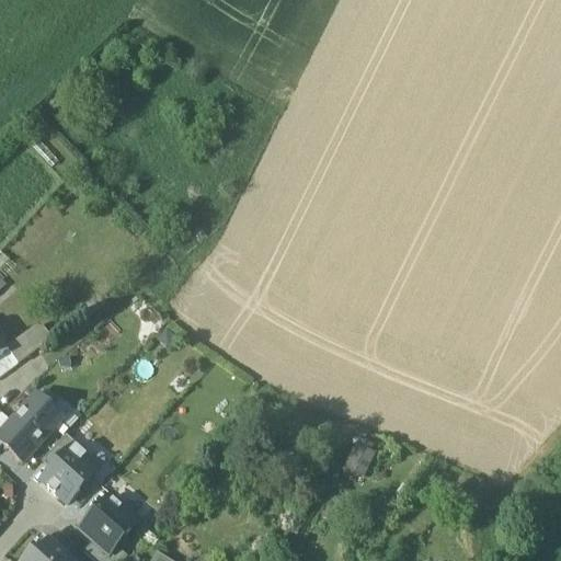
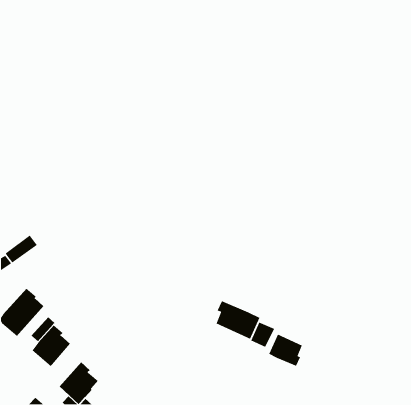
building: none -> [216,300,261,340]
building: none -> [268,334,303,367]

